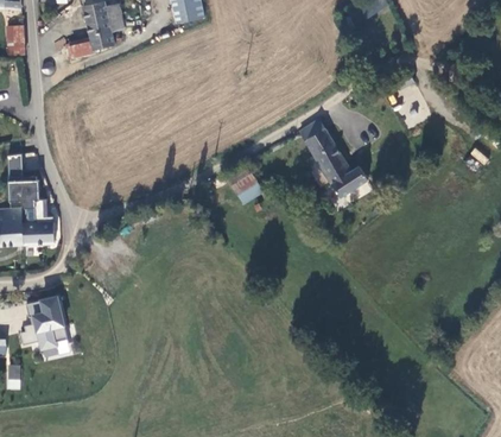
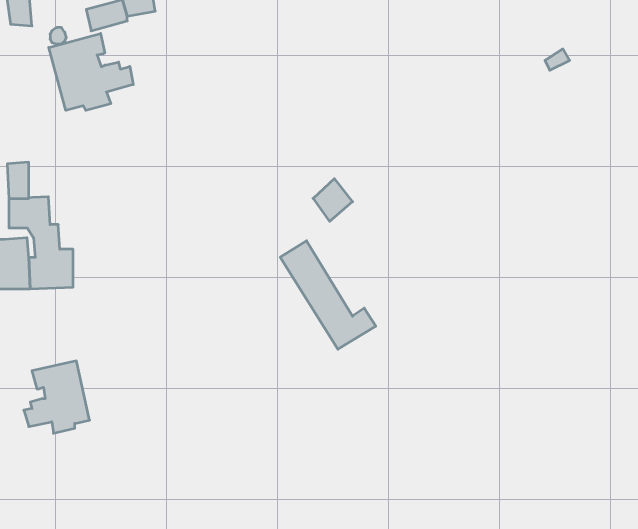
building: none -> [49,33,133,110]
building: [298,118,367,196] -> [280,241,376,349]

